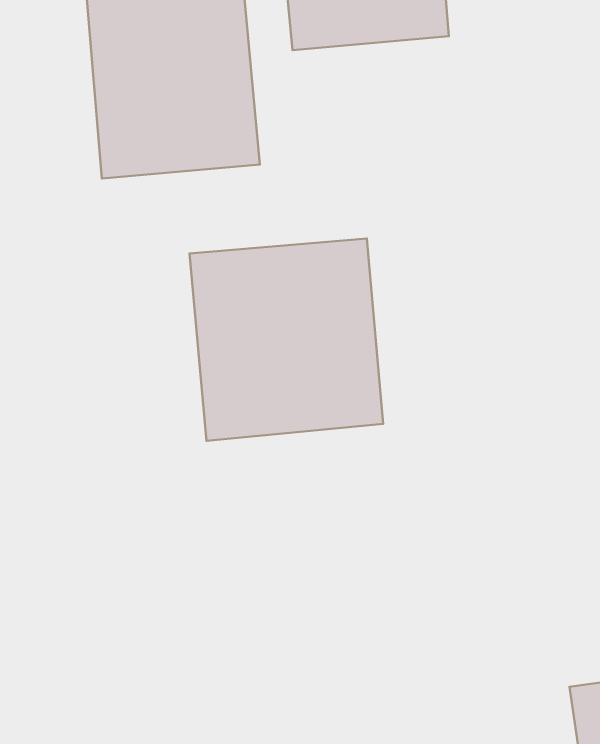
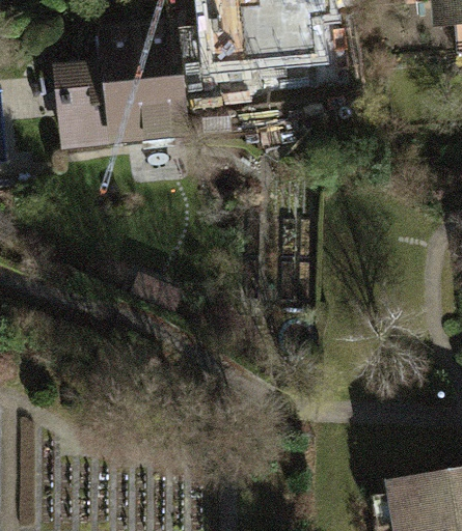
building: [190,238,383,441] -> none

